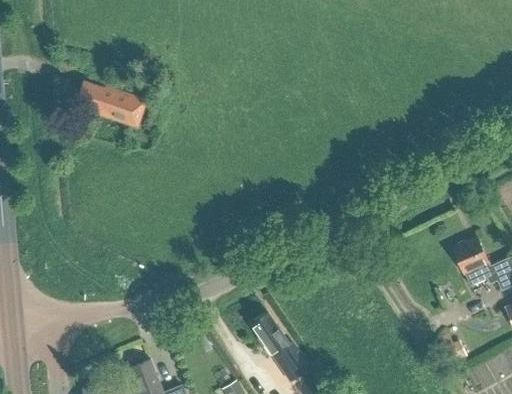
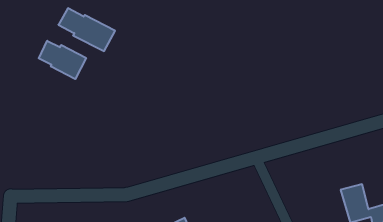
building: none -> [39,41,86,79]

